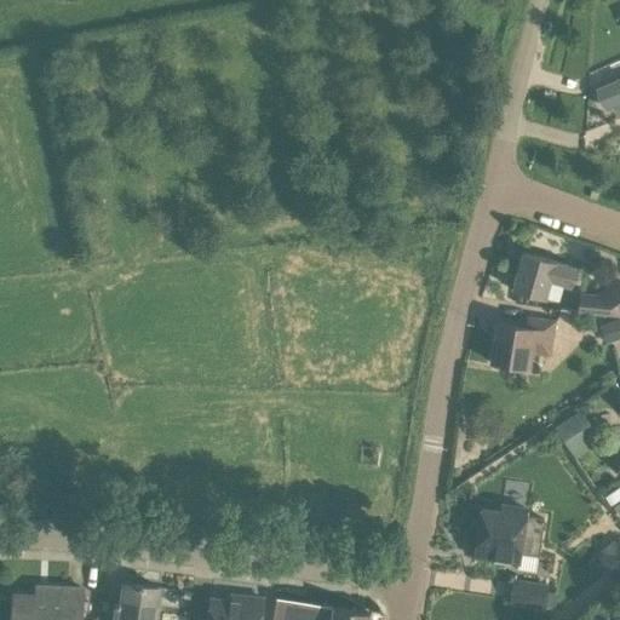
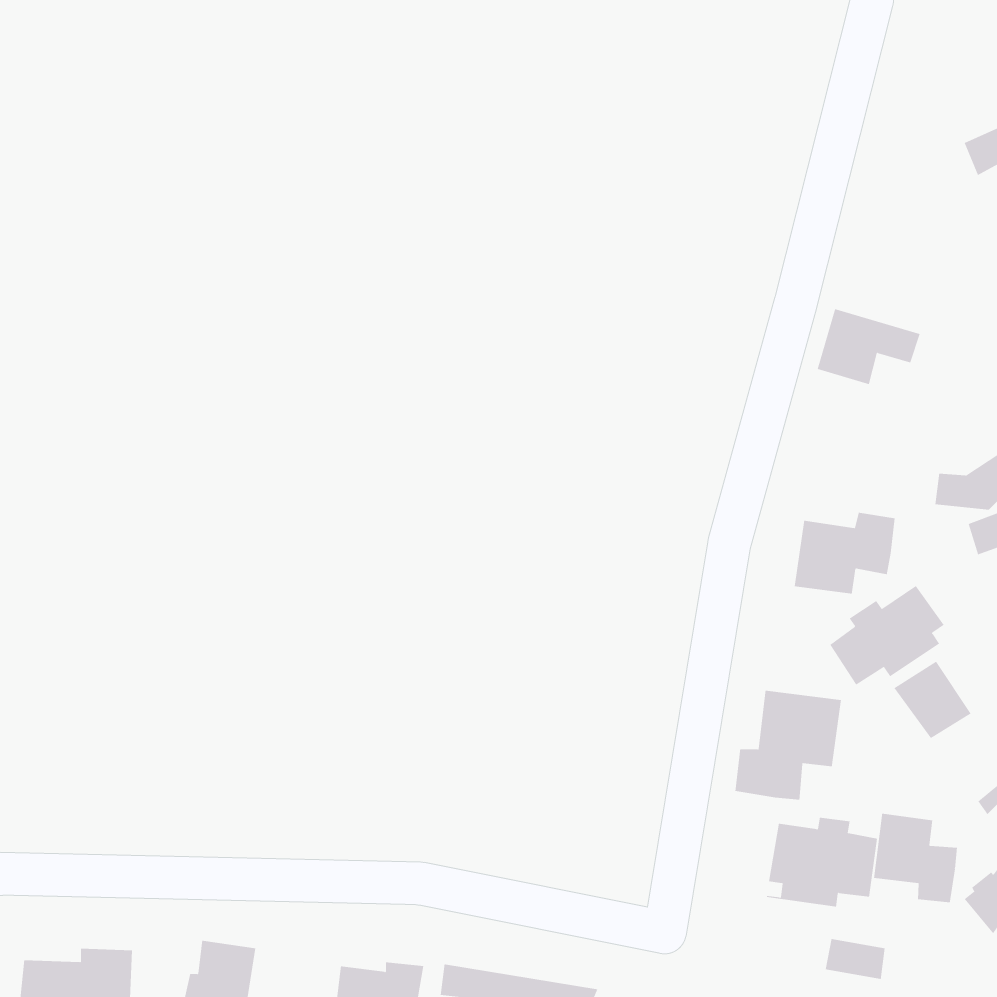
building: [513,253,578,300] -> [817,309,920,385]
building: none -> [829,585,952,686]
building: none -> [735,690,841,800]
building: none -> [874,813,958,903]

